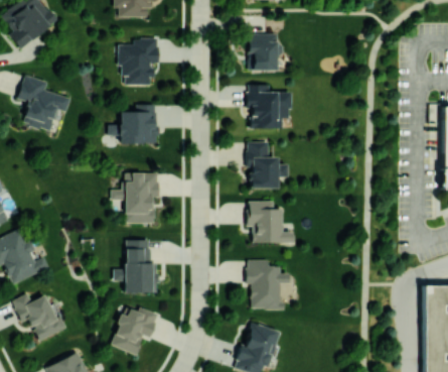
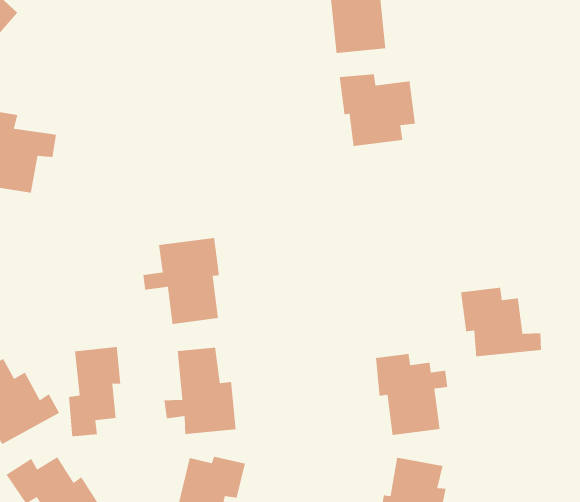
building: [119,38,159,85] -> none
building: [109,104,158,144] -> none
building: [248,141,278,189] -> none
building: [248,201,294,243] -> [460,287,542,357]
building: none -> [68,346,121,437]

